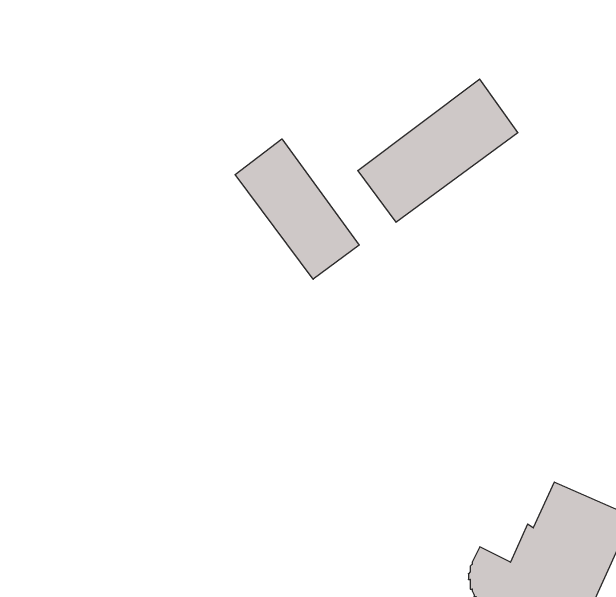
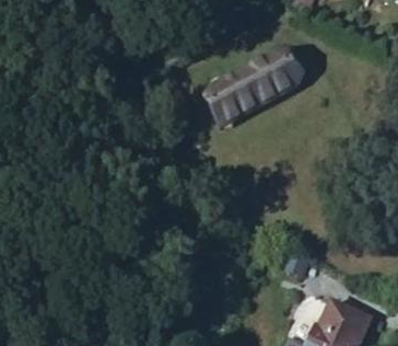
building: [235,139,359,279] -> none

